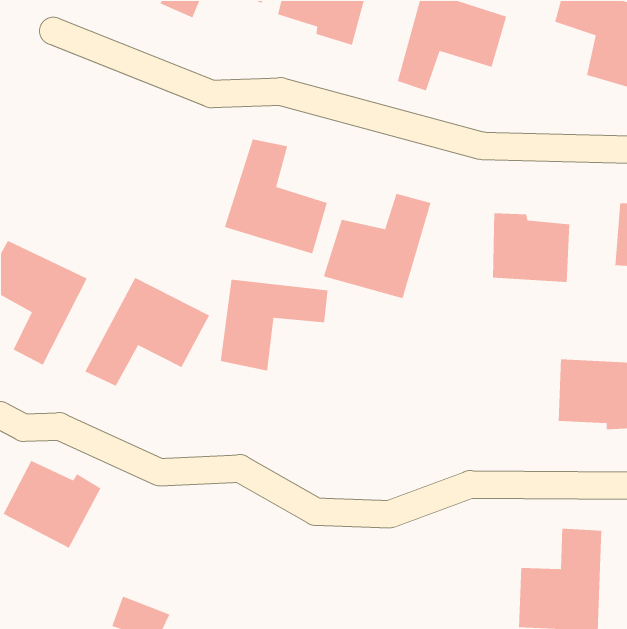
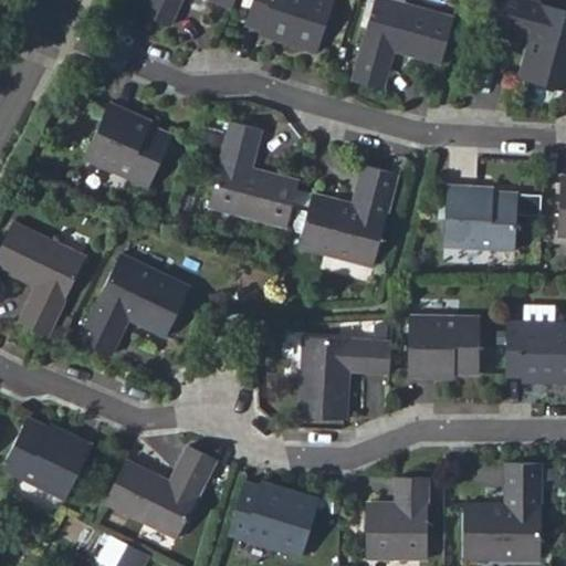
building: none -> [77,107,160,188]
building: [220,279,328,372] -> [295,338,392,421]
building: none -> [406,322,480,384]
building: none -> [109,441,216,531]
building: none -> [231,478,321,556]
building: none -> [368,479,431,560]

